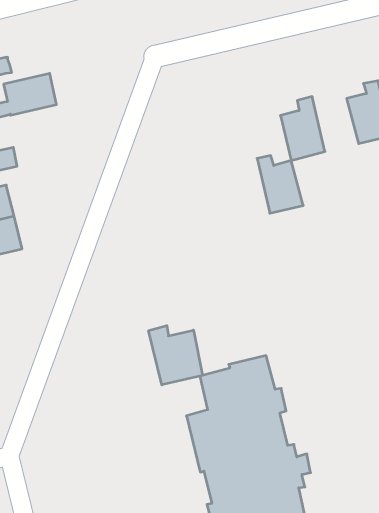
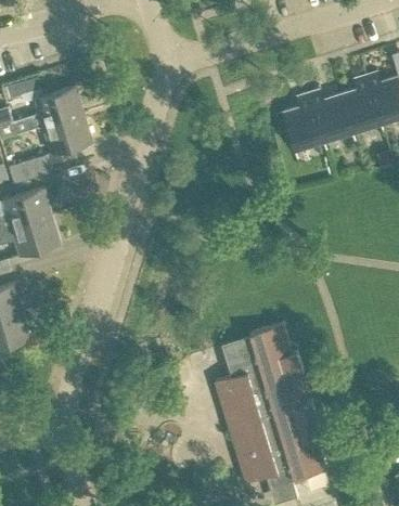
building: none -> [42,115,91,154]
building: [257,156,303,213] -> [308,91,351,142]
building: [149,326,203,385] -> none

